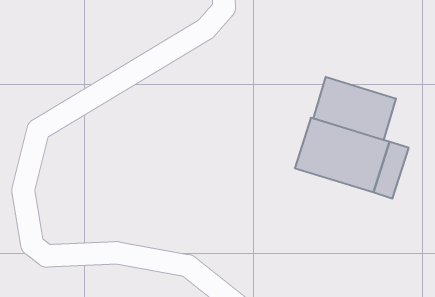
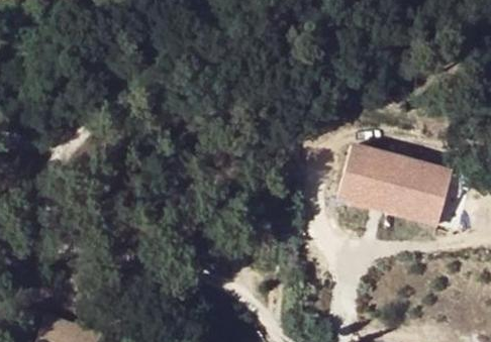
building: [313,77,396,140] -> none

